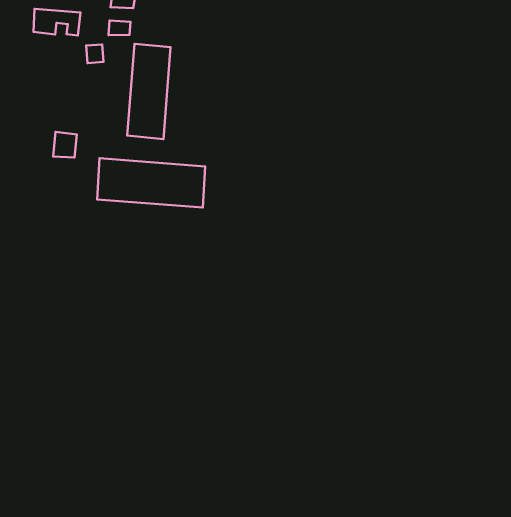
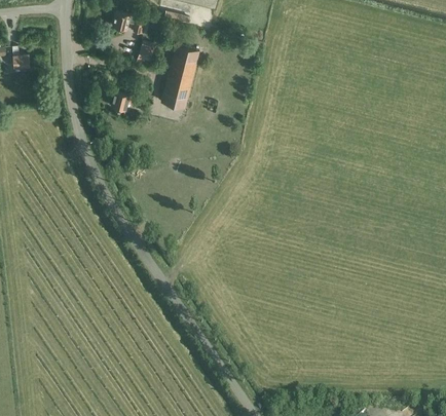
building: [97,158,205,208] -> none

